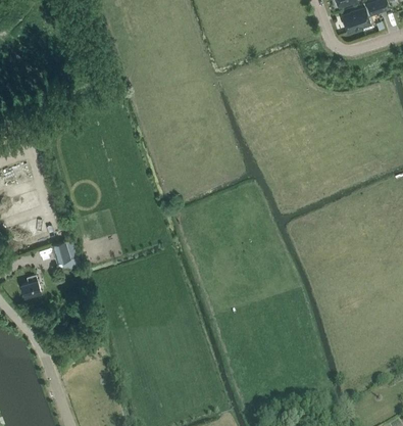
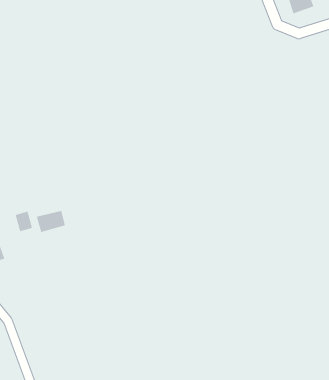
building: none -> [36,210,66,233]

